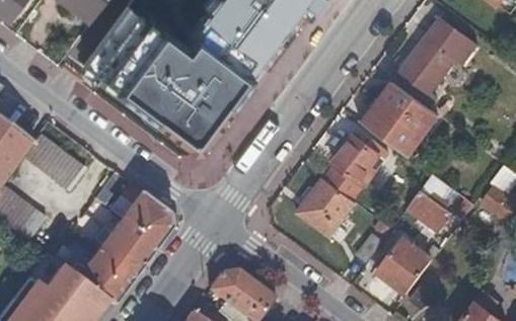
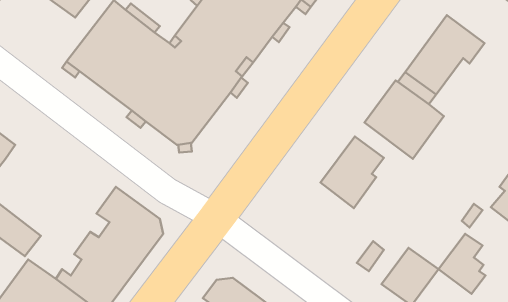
building: [23,134,85,189] -> none
building: [408,174,452,231] -> [438,234,486,294]
building: [296,178,356,238] -> none

